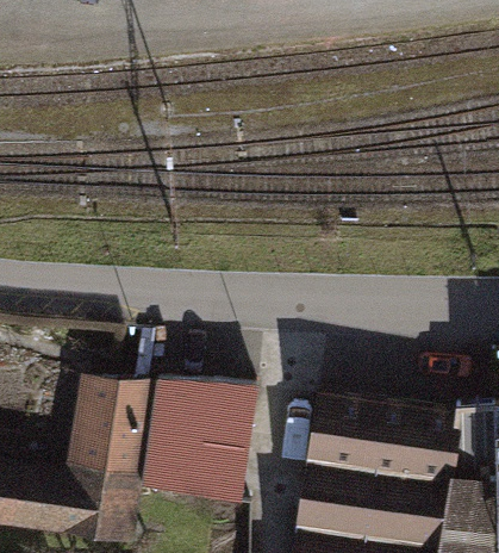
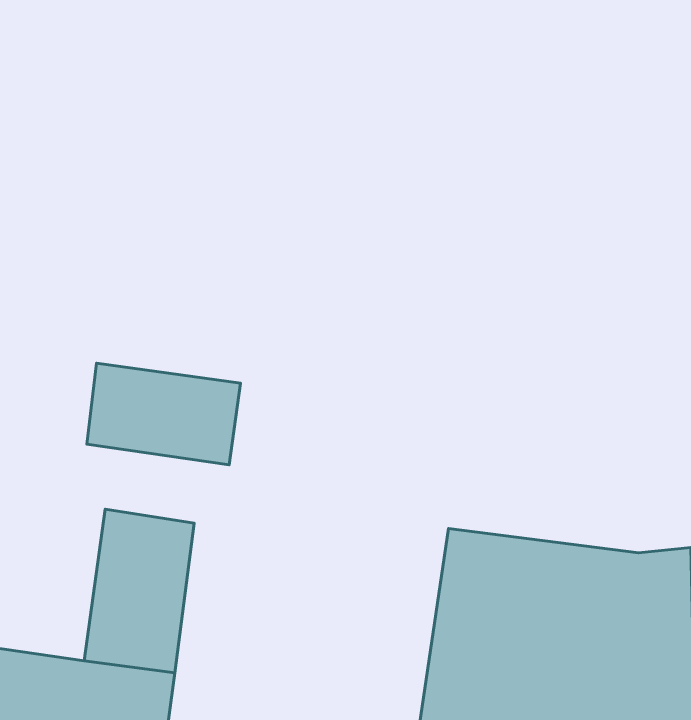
building: none -> [87,363,241,465]
building: [132,385,251,504] -> none

